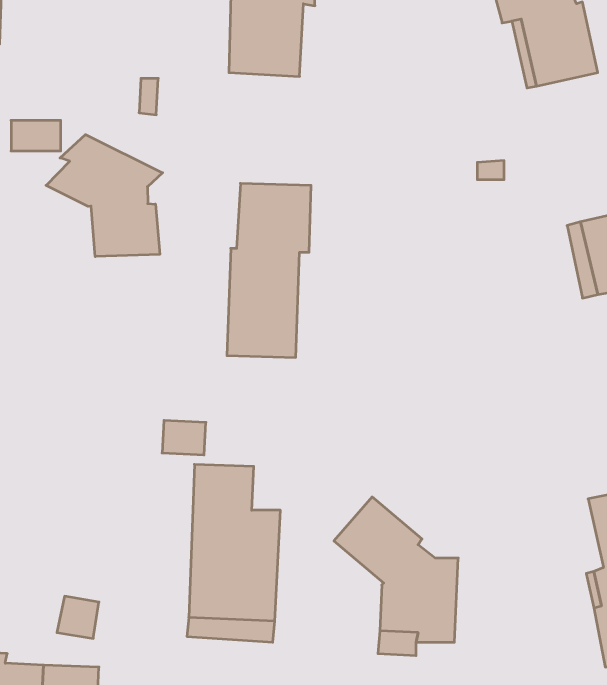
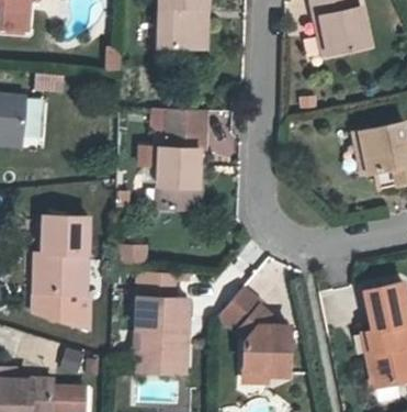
building: [46,135,163,257] -> none
building: none -> [33,216,90,330]

